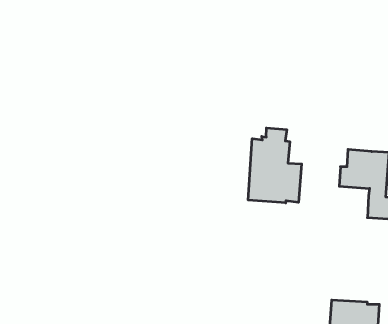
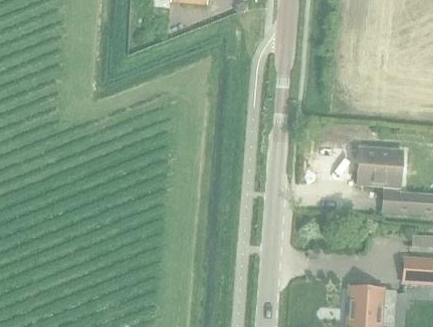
building: [248,128,302,203] -> none

